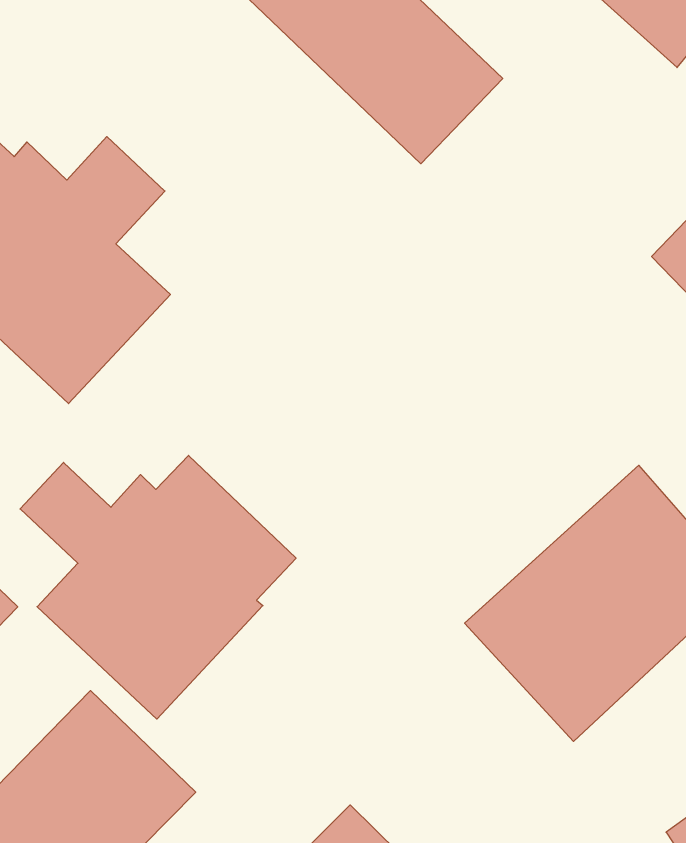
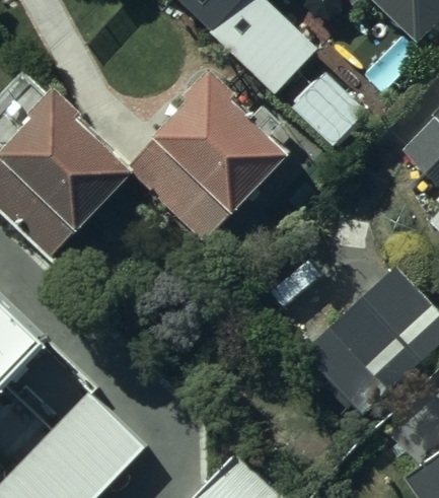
building: none -> [150,69,290,216]
building: [20,455,296,719] -> none

